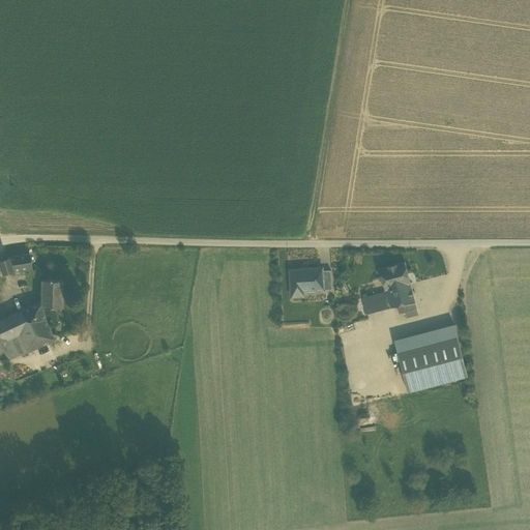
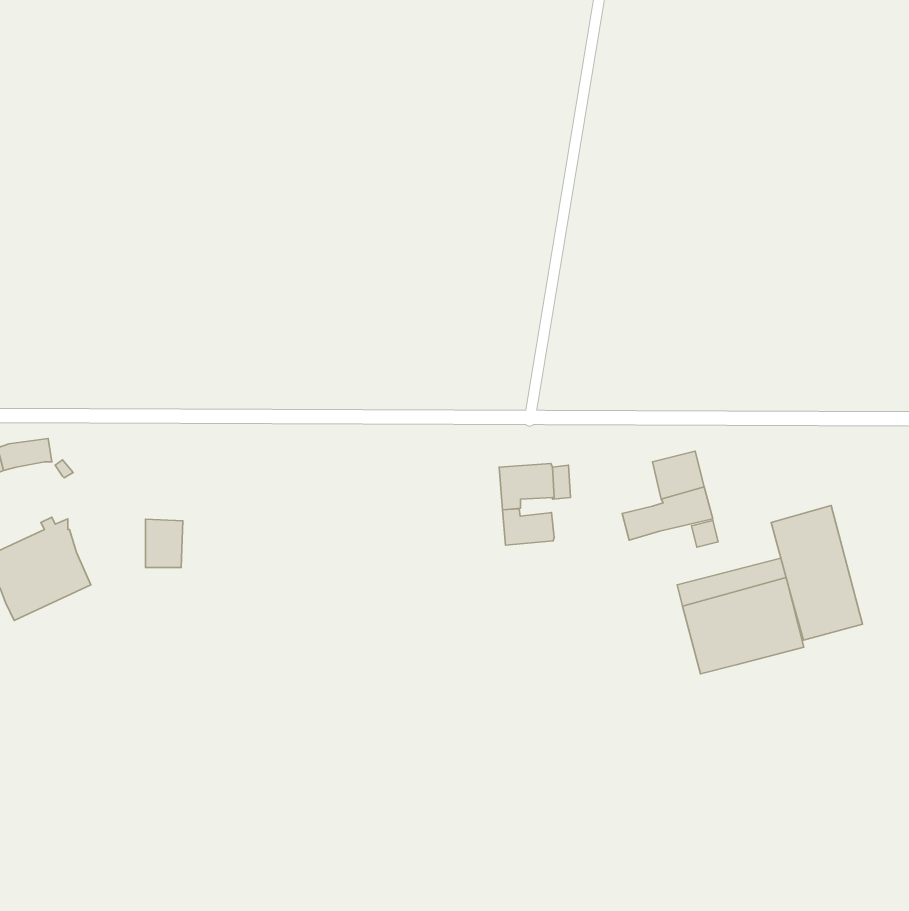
building: [39,279,61,307] -> [146,519,183,567]
building: none -> [771,506,862,640]
building: none -> [503,509,554,545]

